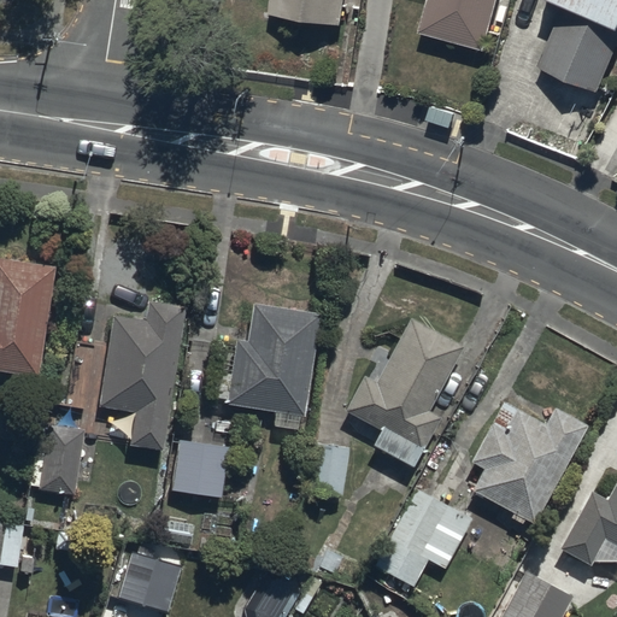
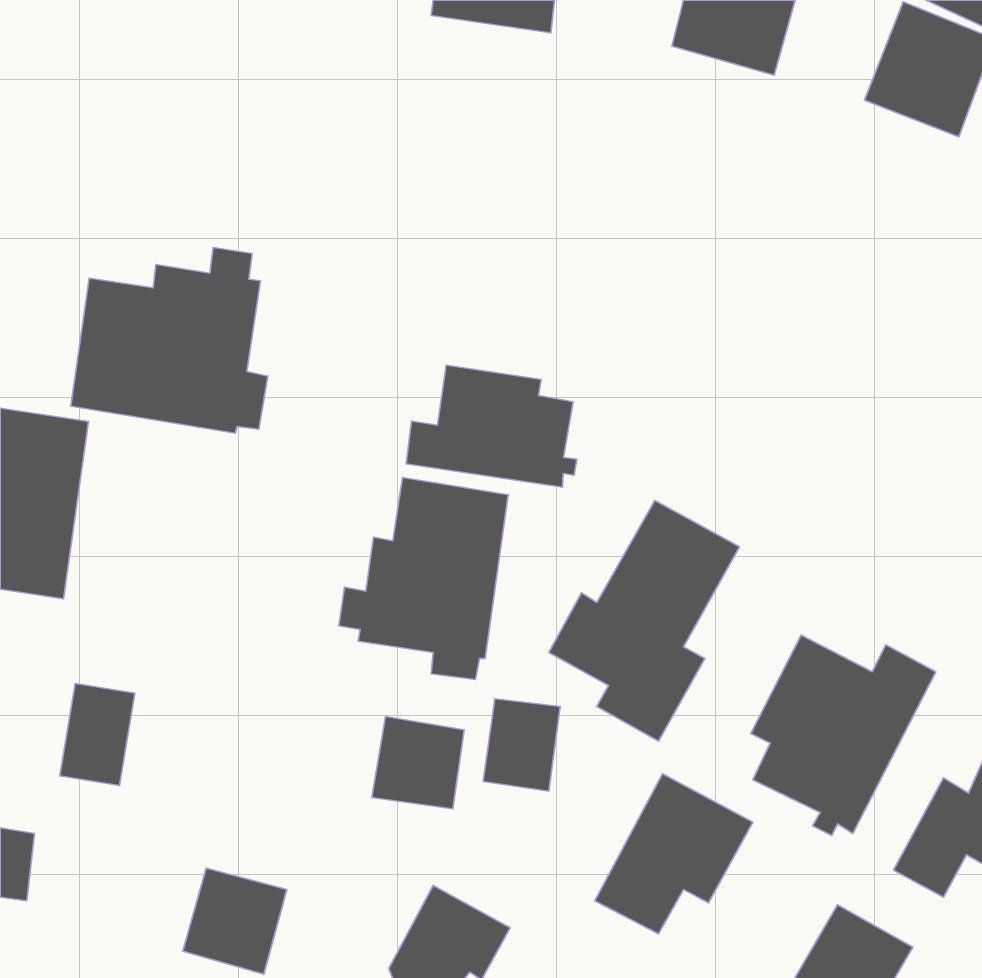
building: none -> [71,248,268,433]
building: none -> [406,365,577,487]
building: [99,302,186,449] -> none
building: [171,440,229,498] -> [372,716,464,809]

